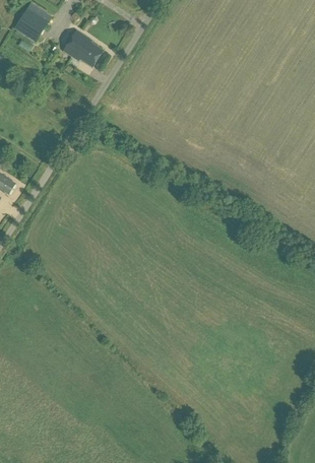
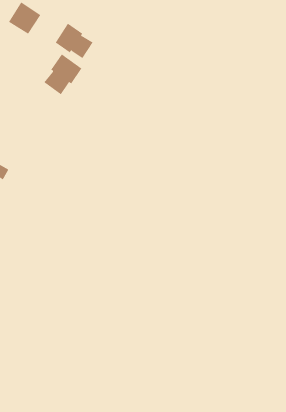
building: none -> [43,53,82,95]

